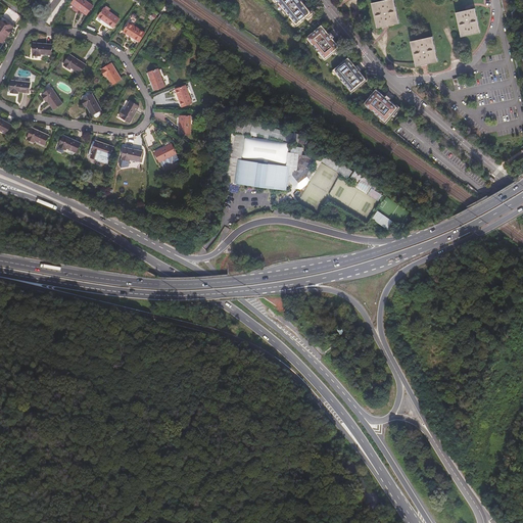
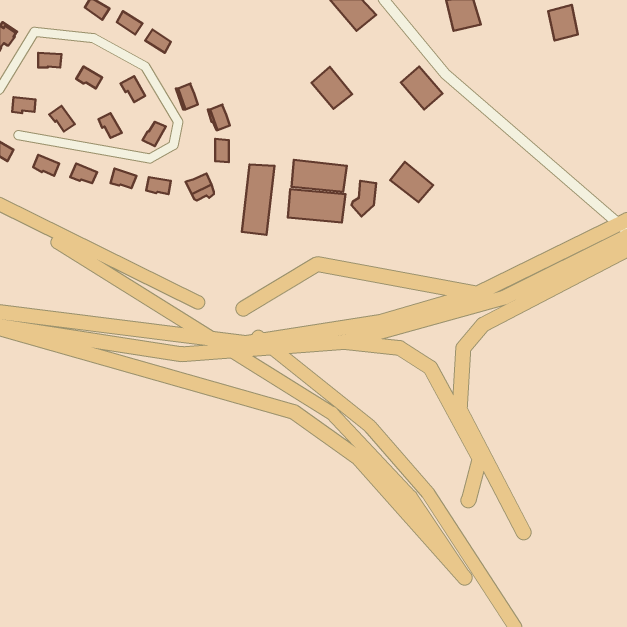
building: [306,23,340,58] -> [311,67,352,109]
building: [411,33,438,63] -> none
building: [363,89,398,123] -> [390,162,433,202]
building: none -> [242,164,274,235]

